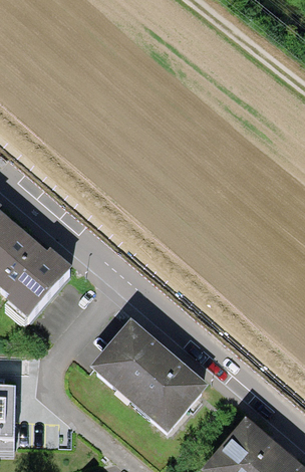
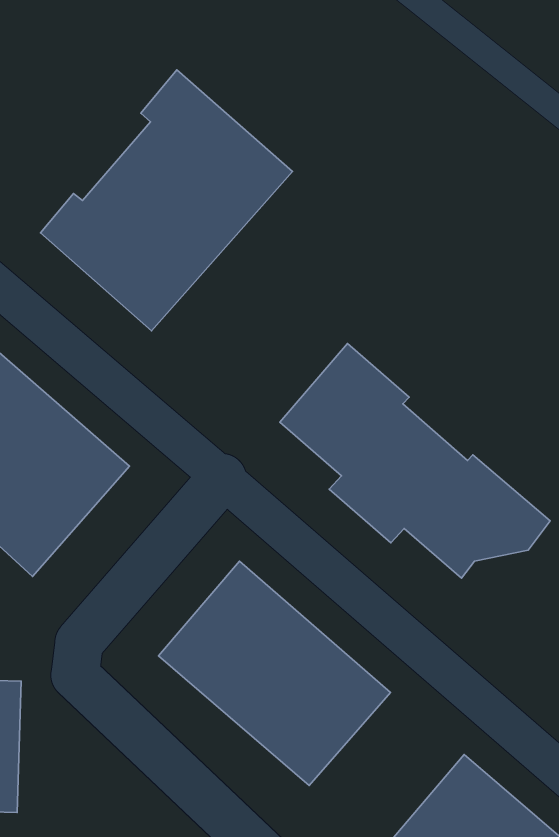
building: none -> [40,70,293,331]
building: none -> [280,344,550,578]

